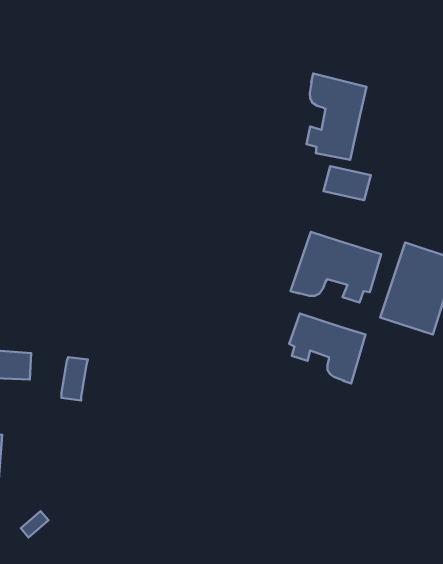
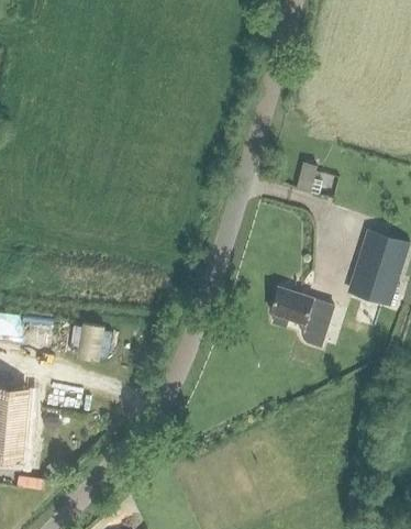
building: [306,74,367,160] -> none
building: [291,232,381,302] -> none

